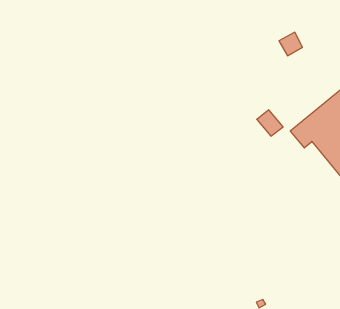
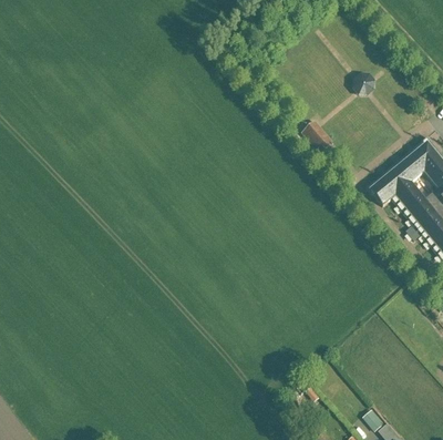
building: [257,110,283,136] -> [303,122,334,153]

